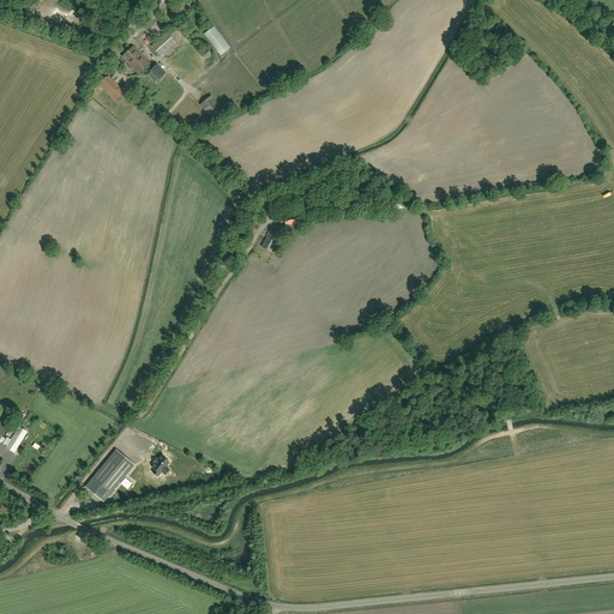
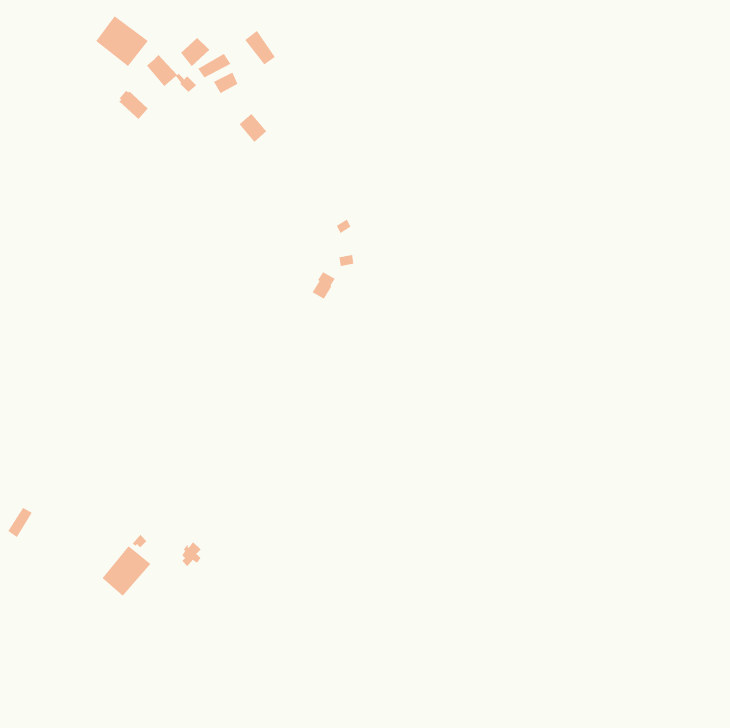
building: none -> [95,15,149,67]

